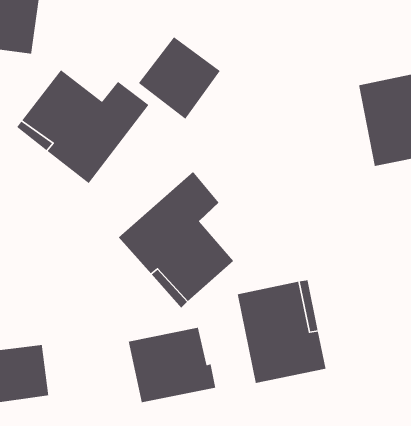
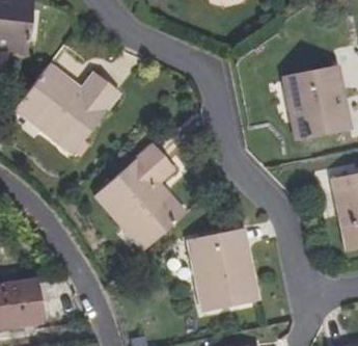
building: [138,36,221,120] -> none
building: [128,327,216,403] -> none

